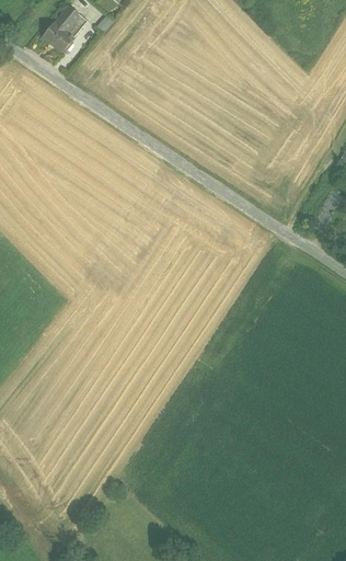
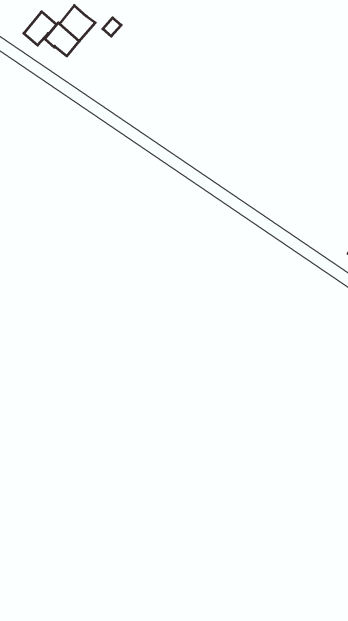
building: none -> [24,12,57,45]

